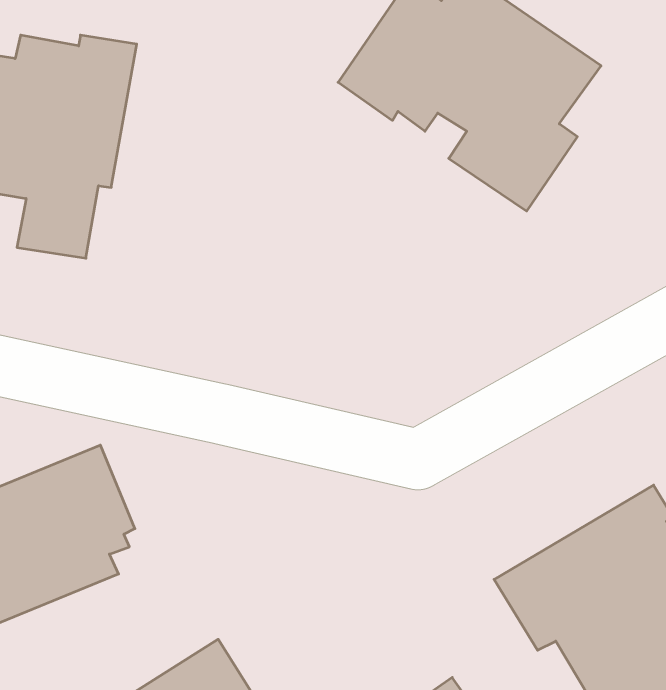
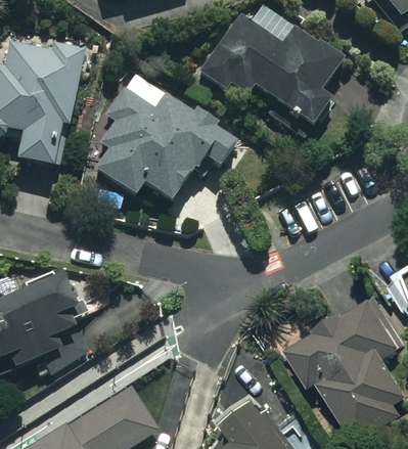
building: none -> [81,66,237,200]

